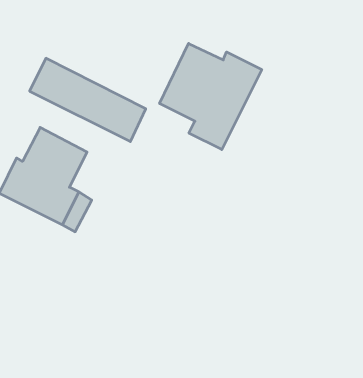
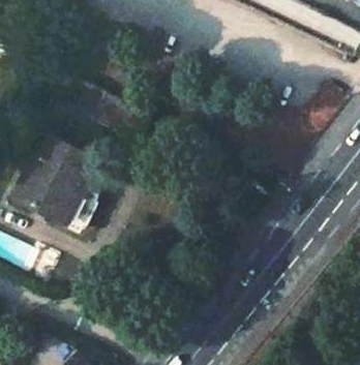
building: [160,43,262,150] -> none

